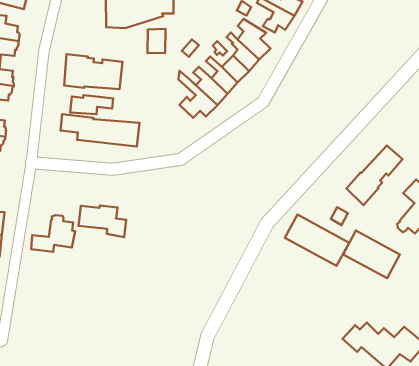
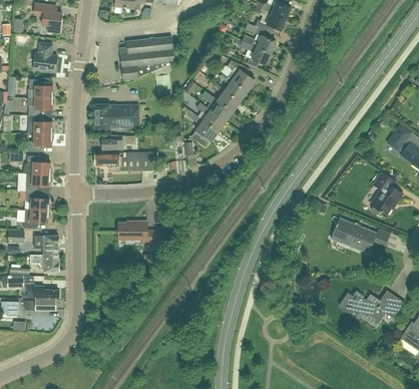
building: [346,145,402,205] -> none
building: [285,215,349,266] -> none
building: [31,215,75,252] -> none

